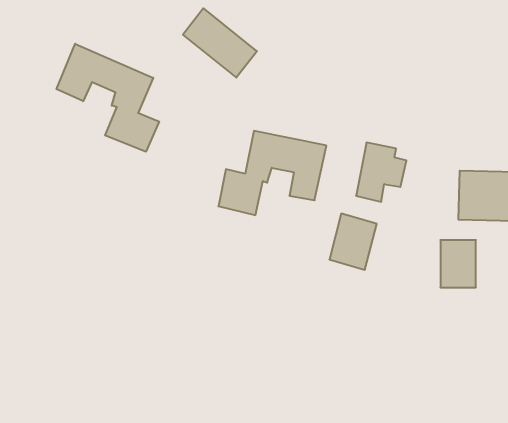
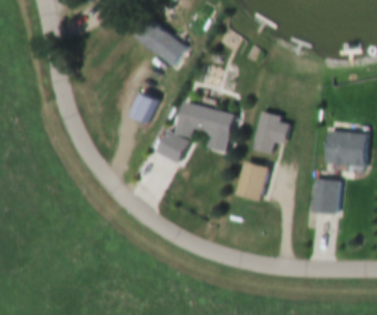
building: [56,44,159,152] -> none
building: none -> [129,93,159,125]

